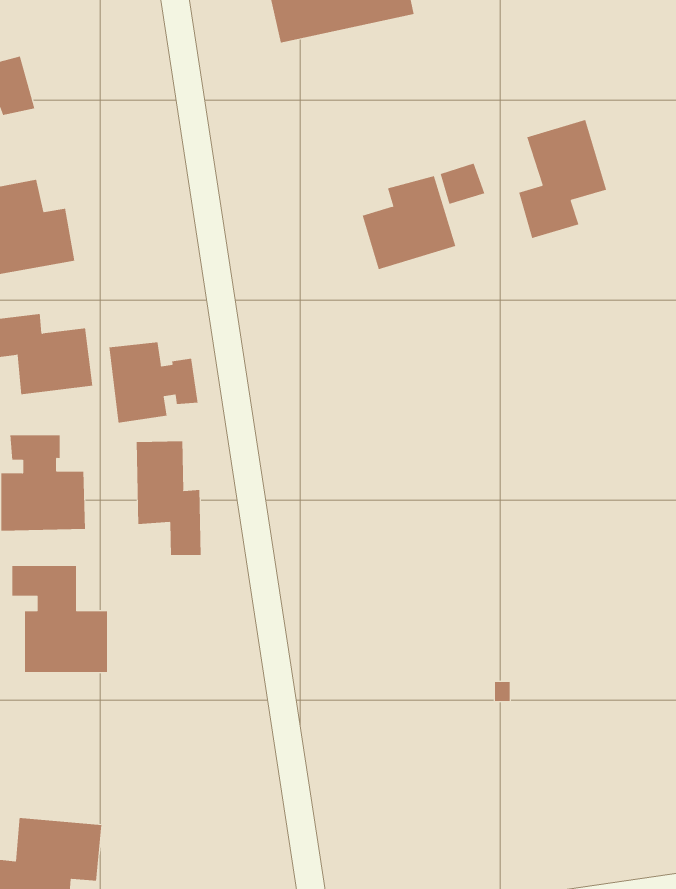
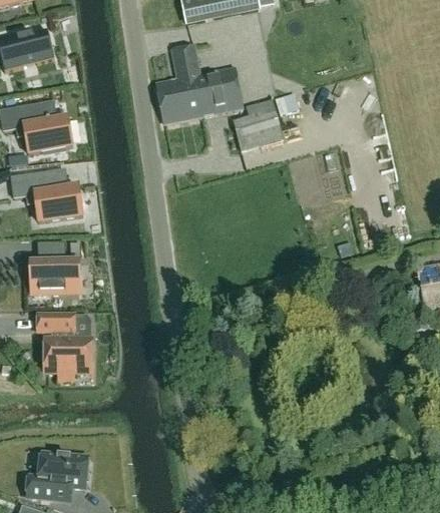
building: none -> [155,45,243,123]
building: [519,119,607,239] -> none
building: [109,341,198,423] -> none
building: [136,440,201,556] -> none

